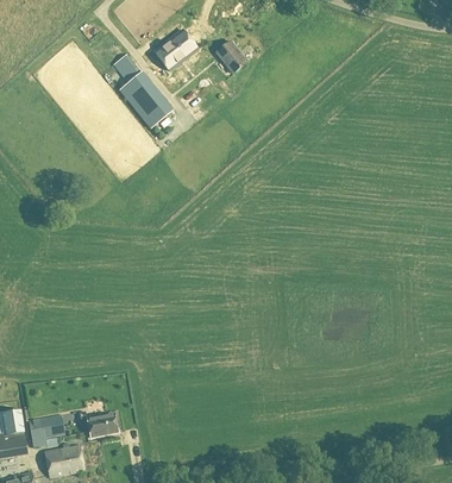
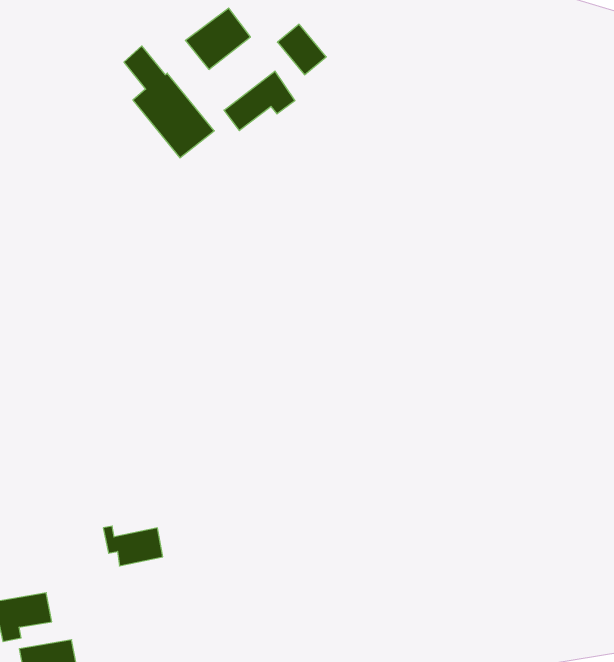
building: none -> [224,71,295,131]
building: [79,410,118,437] -> [103,526,163,566]

